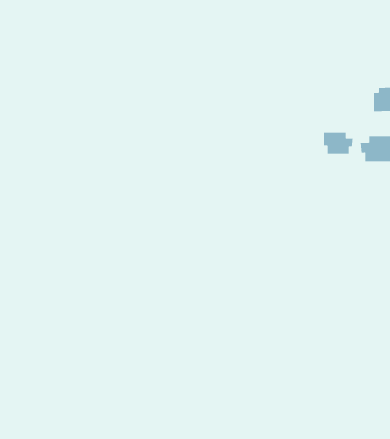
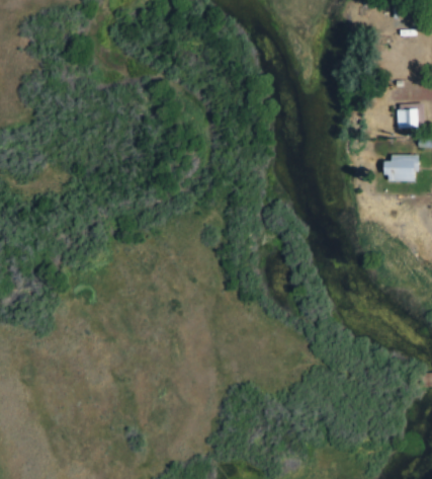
building: [323,132,353,155] -> none

